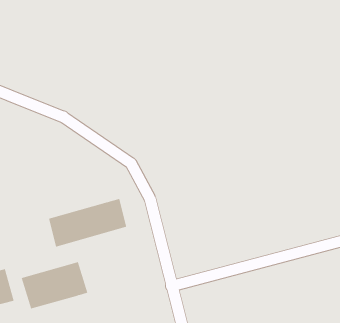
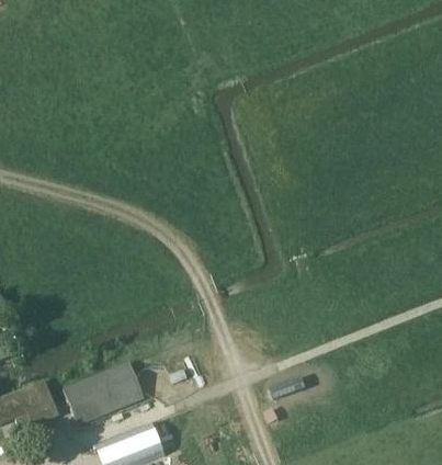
building: [49,198,127,247] -> none

